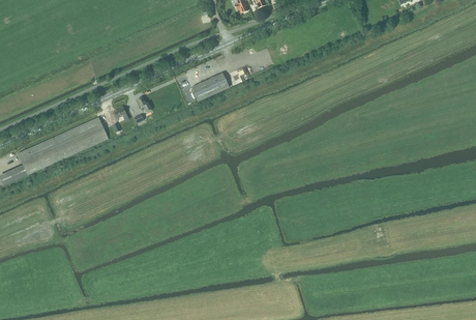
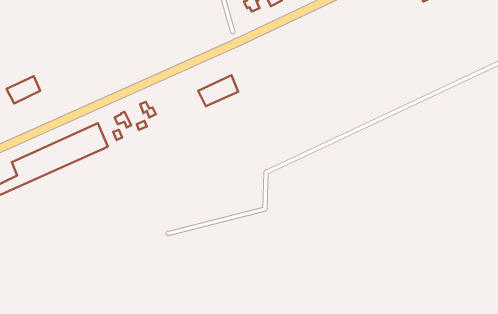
building: none -> [6,76,40,103]

